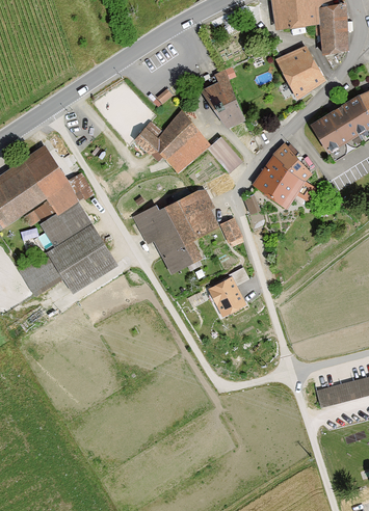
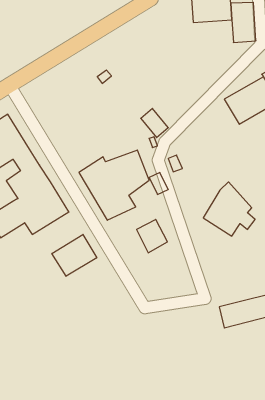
building: [273,45,327,100] -> none
building: [200,70,248,129] -> none
building: [134,108,209,174] -> none
building: [253,141,317,209] -> [203,182,255,236]
building: none -> [52,234,97,276]

